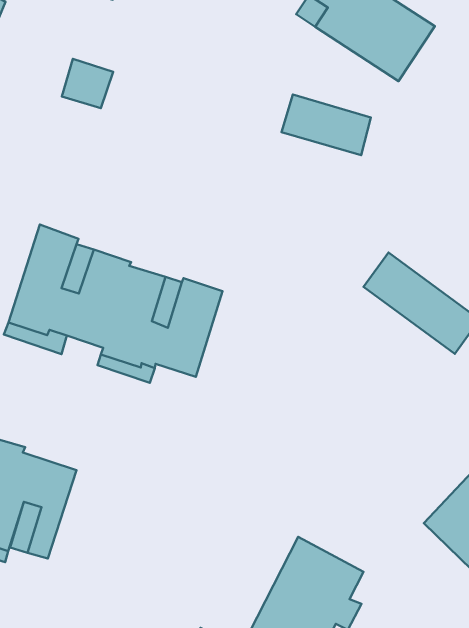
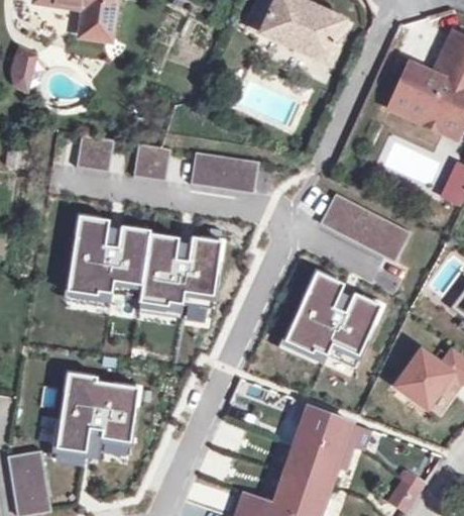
building: [62,59,113,108] -> [78,137,112,170]
building: [282,95,371,155] -> [194,154,256,191]
building: none -> [135,145,169,179]
building: none -> [285,269,380,352]

